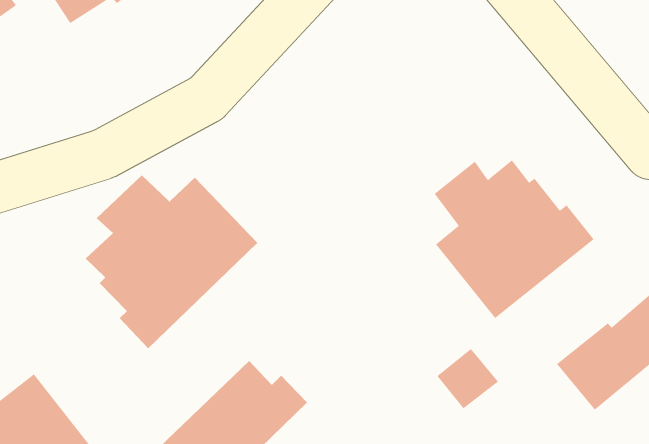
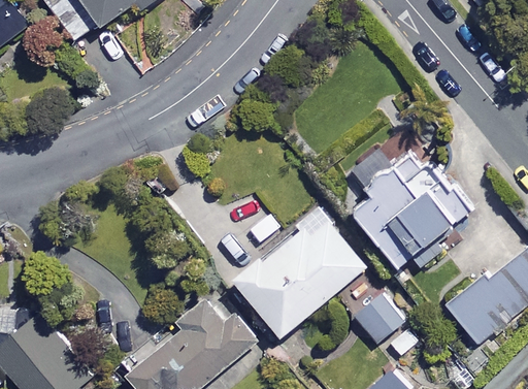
building: [85,174,258,349] -> none
building: none -> [235,222,365,335]

